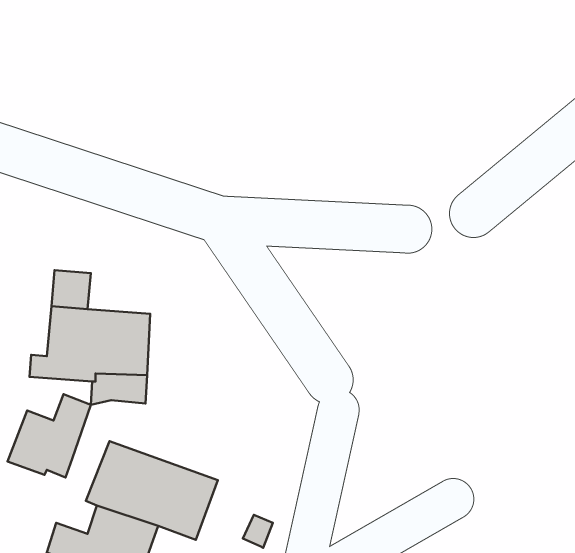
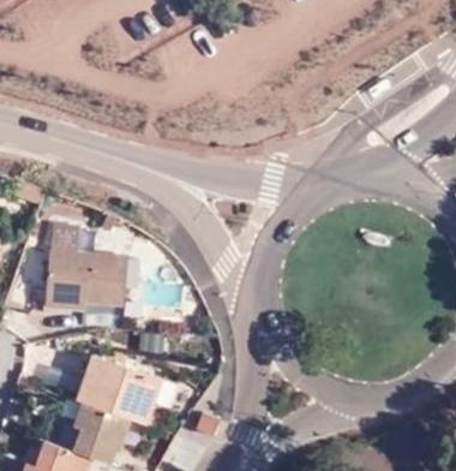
building: [7,394,91,478] -> none

